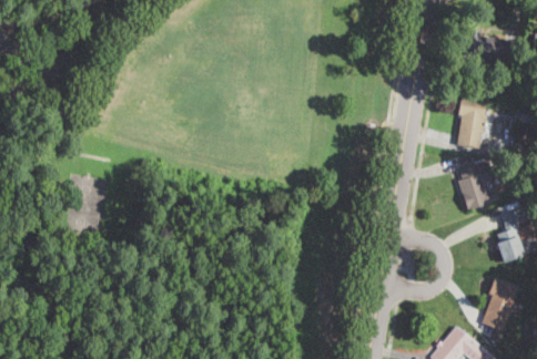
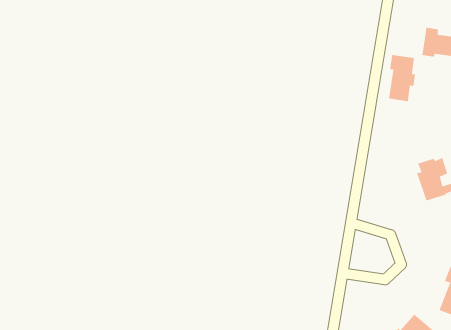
building: [458,99,487,148] -> [388,54,416,102]

